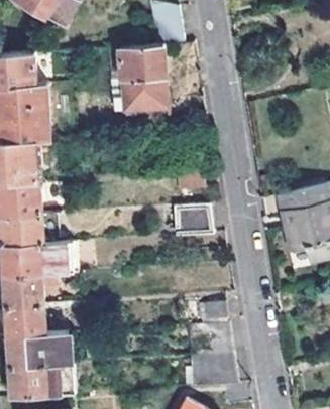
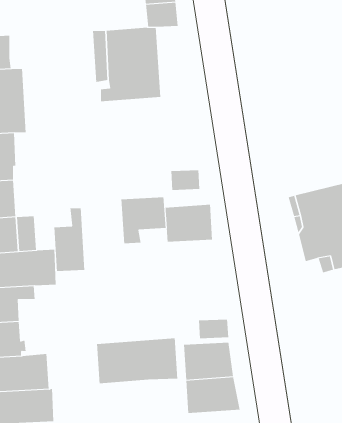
building: none -> [121,196,166,244]
building: none -> [54,207,85,272]
building: none -> [97,337,178,384]

